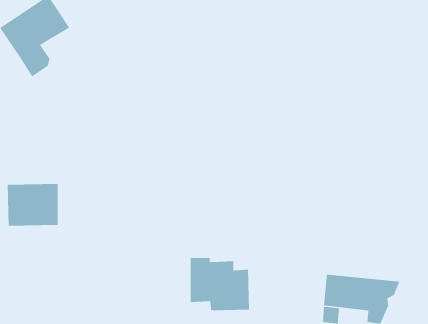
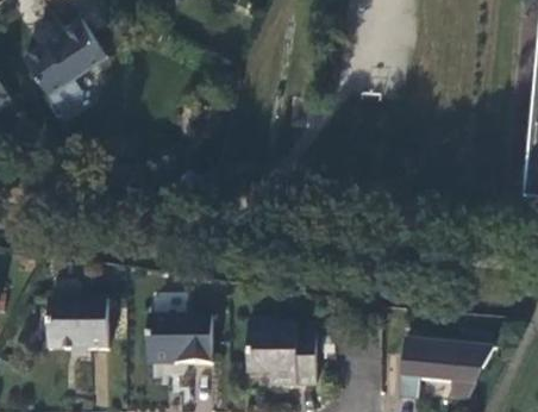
building: [7,183,58,227] -> [48,296,107,347]
building: none -> [148,313,211,361]

